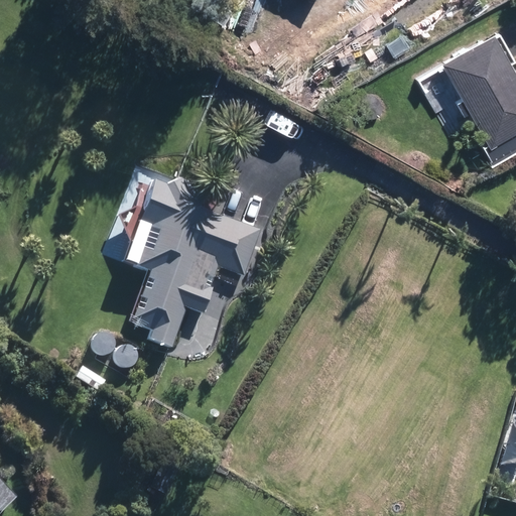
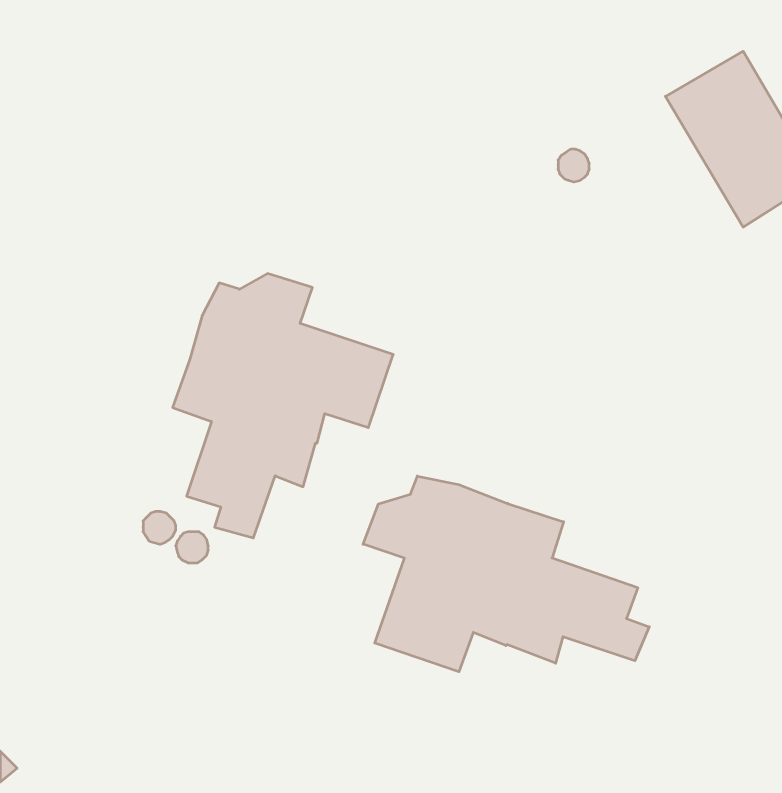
building: none -> [363,476,649,672]

